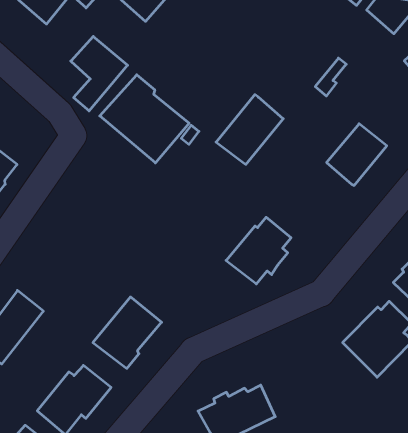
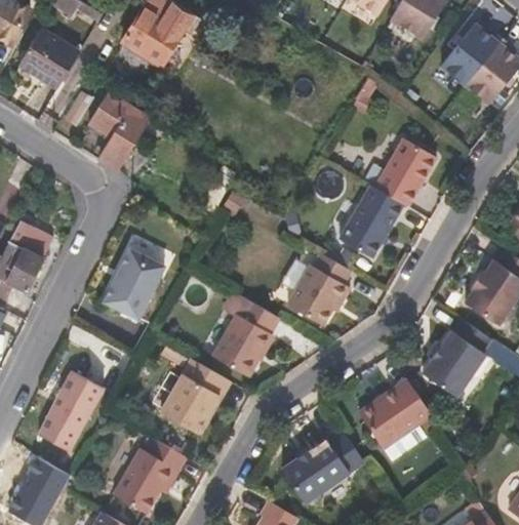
building: [100,75,189,163] -> none
building: [216,95,283,164] -> [338,183,405,257]
building: none -> [104,250,164,319]
building: none -> [212,299,280,376]
building: none -> [359,381,432,459]

